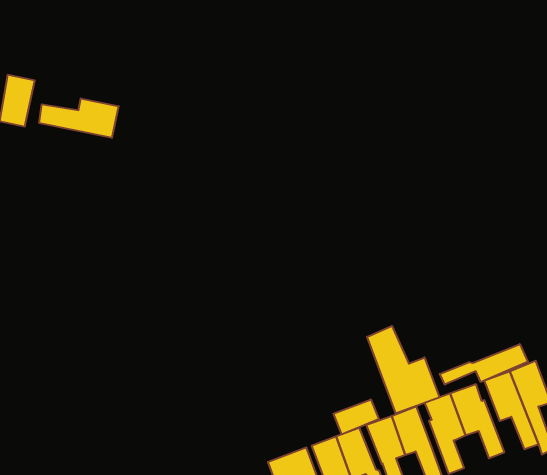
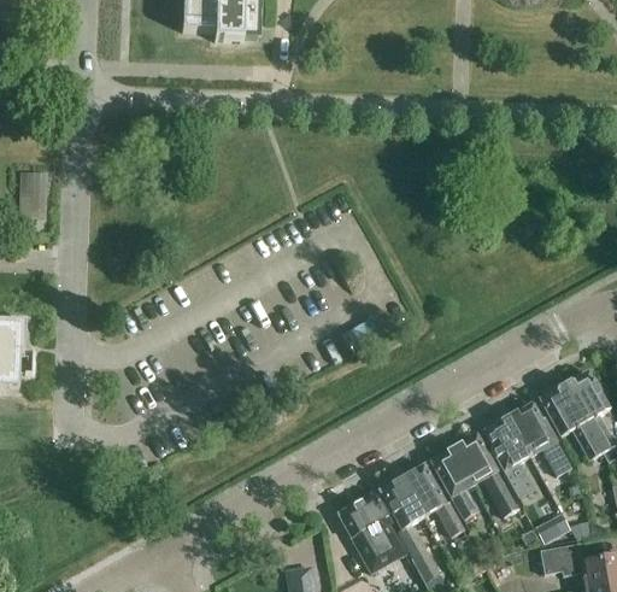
building: [39,98,119,138] -> none
building: [367,326,439,414] -> none
building: [440,344,528,385] -> none
building: [333,399,379,434] -> none

